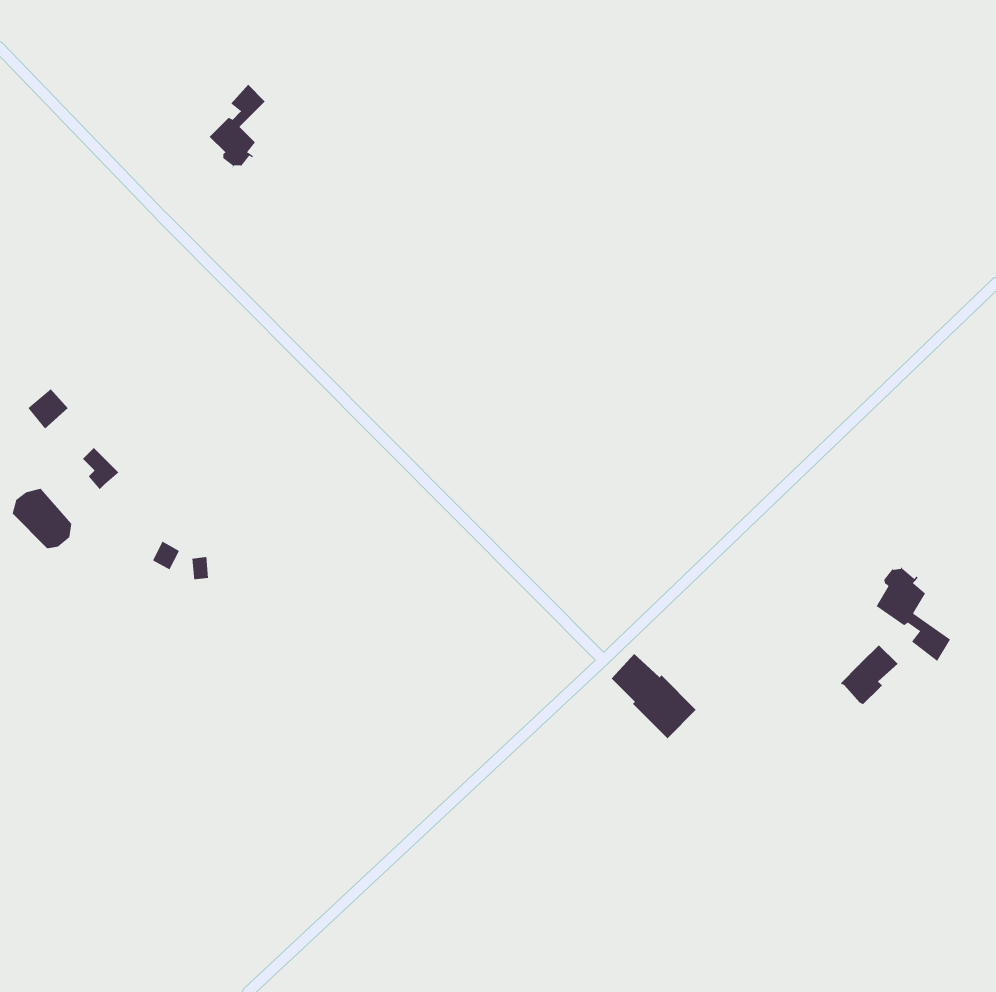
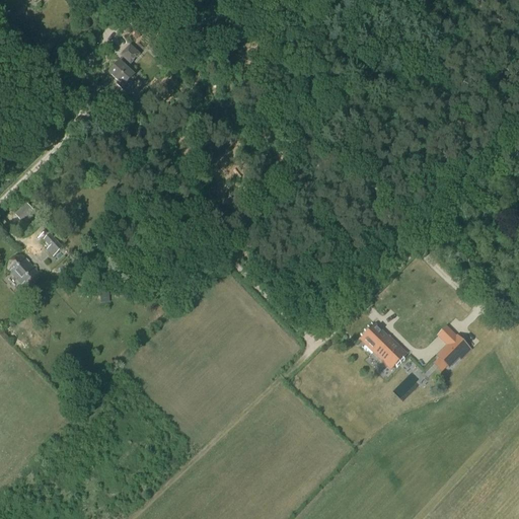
building: [876,566,951,662] -> none
building: [611,653,697,739] -> [361,323,405,368]

